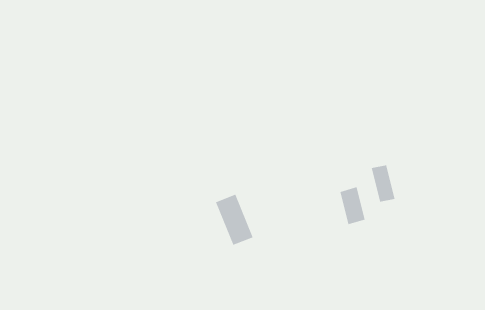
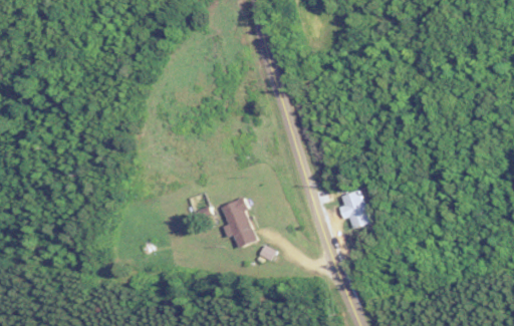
building: [371,165,395,202] -> none

